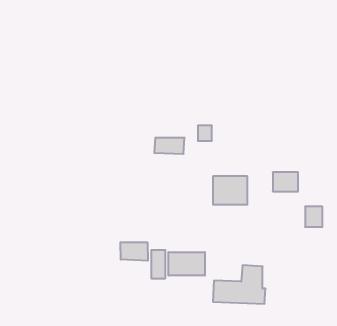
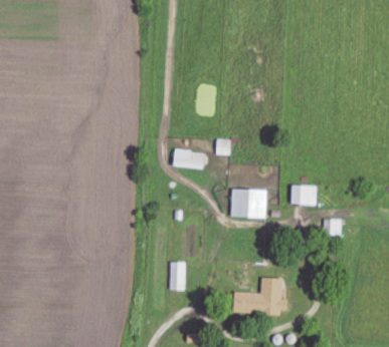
building: [120,242,148,261] -> none
building: [168,252,205,276] -> none

